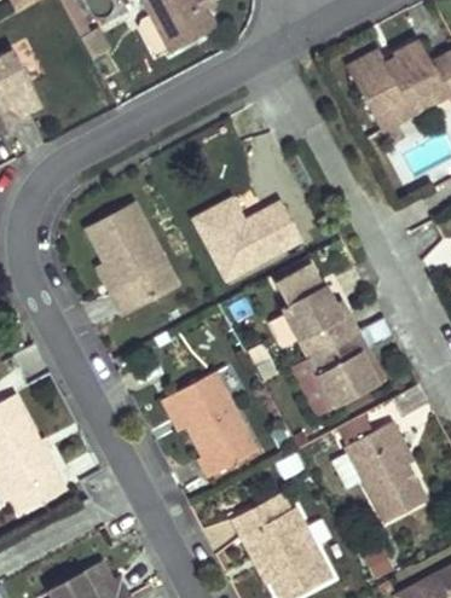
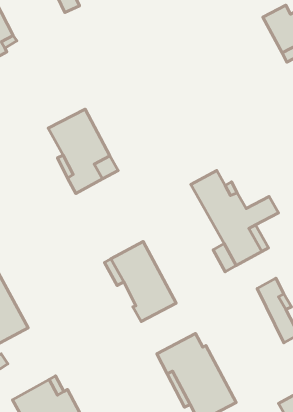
building: [189,201,291,273] -> none
building: [337,432,395,515] -> none

